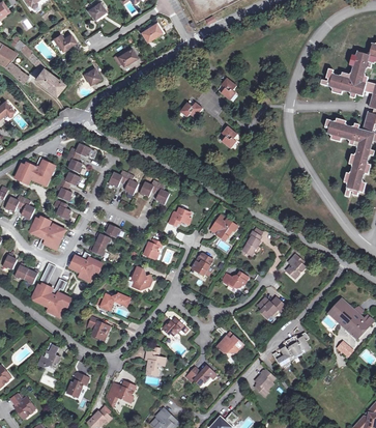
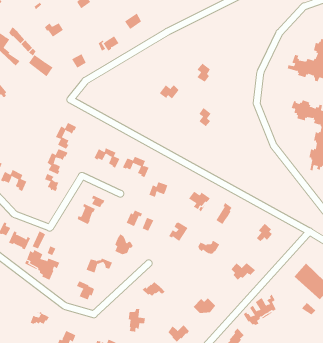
building: [16,156,55,187] -> none
building: [31,217,64,249] -> none
building: [69,255,102,280] -> none

